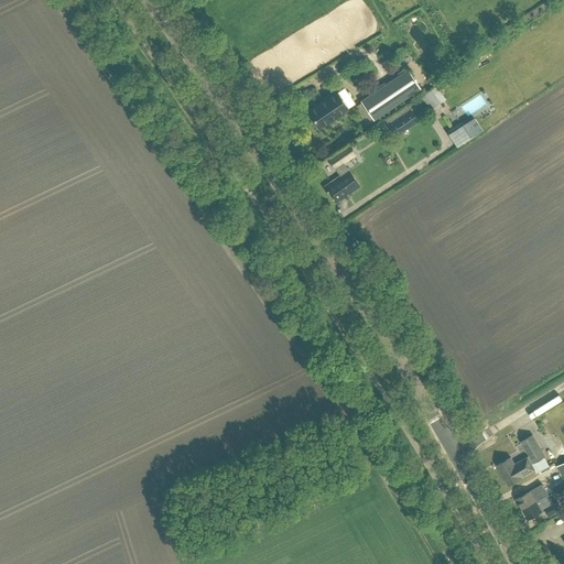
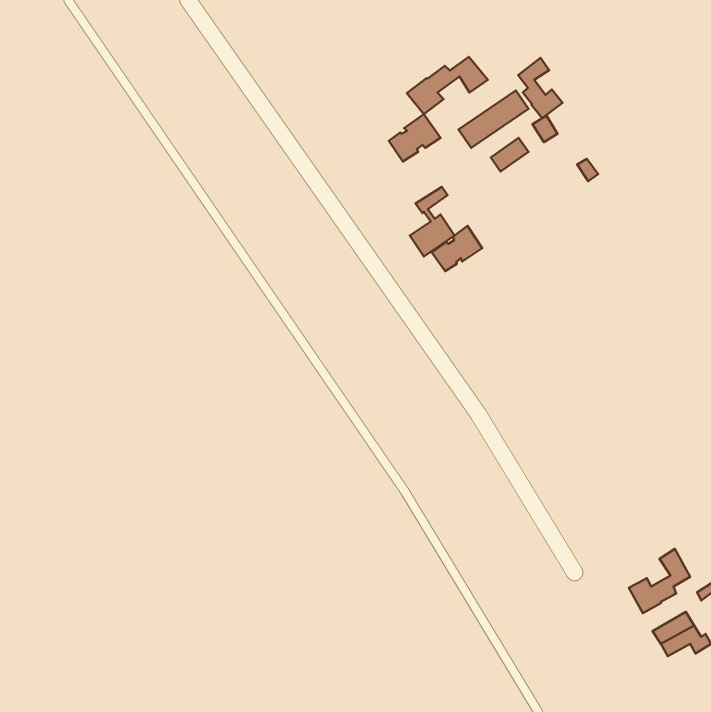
building: none -> [407,57,488,114]
building: none -> [518,58,562,118]
building: none -> [432,226,482,271]

